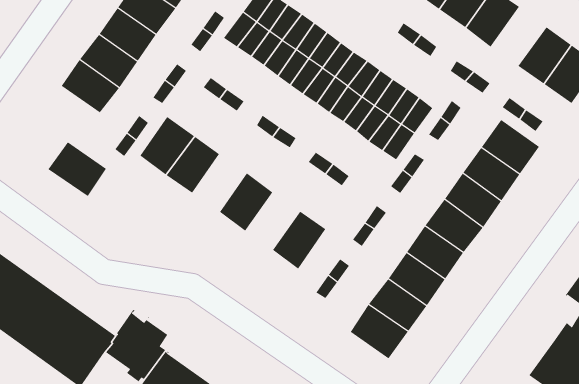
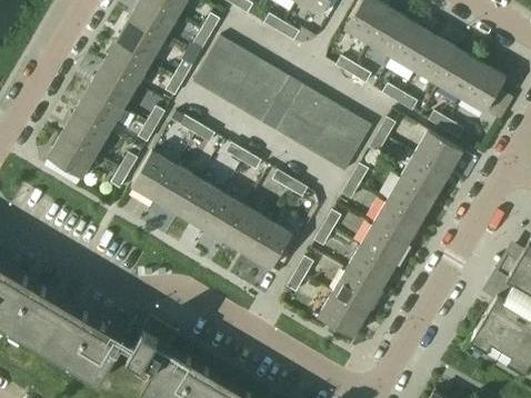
building: none -> [414,36,459,84]
building: [48,141,107,197] -> [47,133,96,178]
building: none -> [178,179,221,227]
building: none -> [224,207,268,255]

